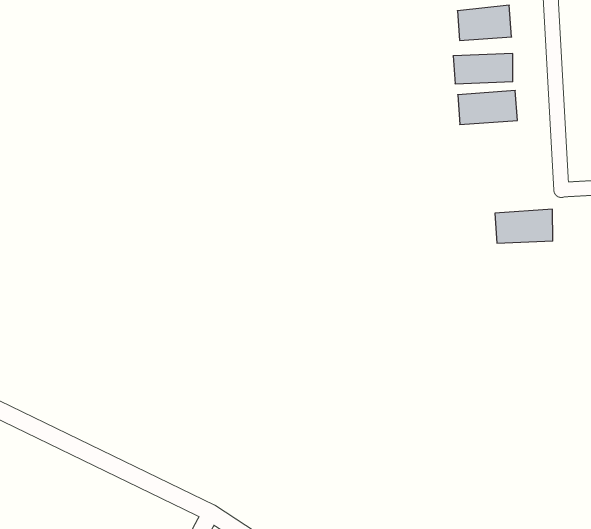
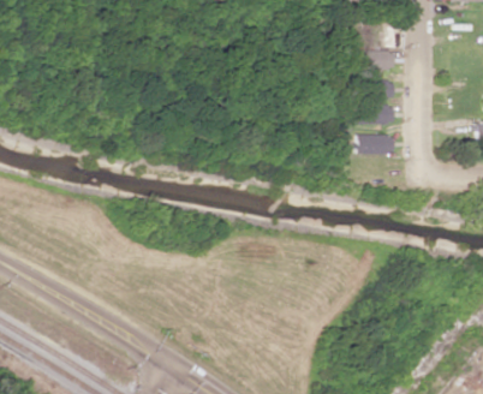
building: [495,209,553,243] -> [357,135,394,155]

